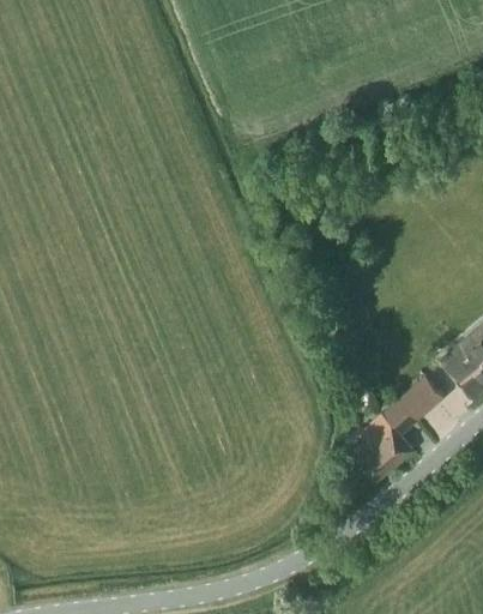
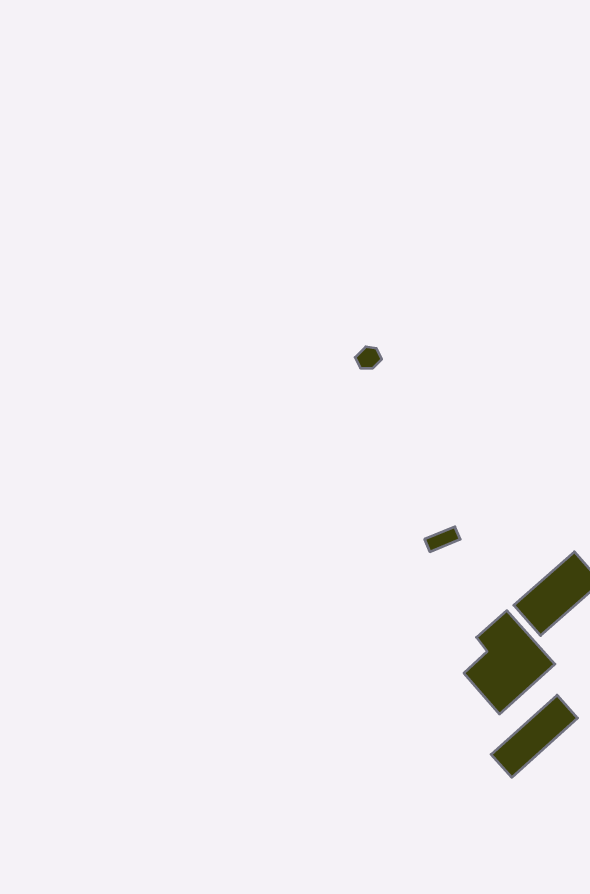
building: none -> [491,695,578,777]

